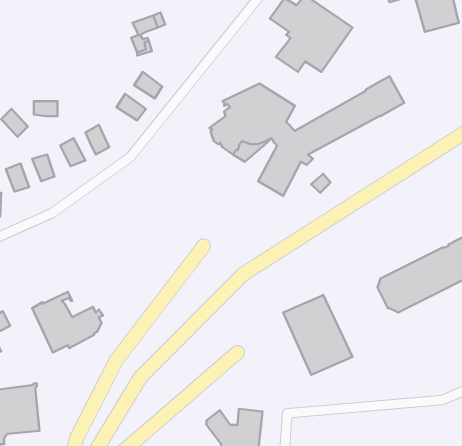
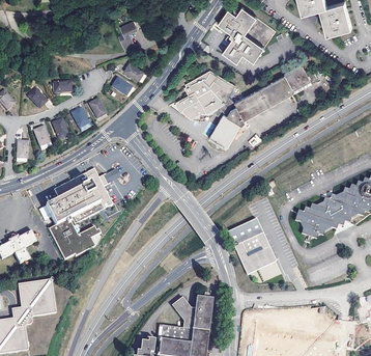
building: none -> [49,168,114,224]

